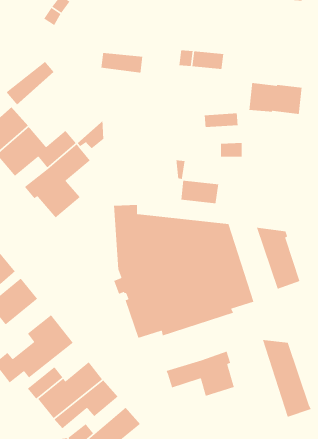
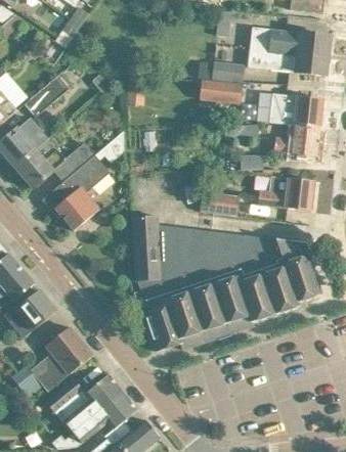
building: none -> [248,27,330,75]
building: [100,52,143,73] -> [199,81,242,102]
building: none -> [273,123,319,156]
building: none -> [258,176,313,211]
building: [262,339,312,418] -> [249,235,299,314]
building: [166,350,235,397] -> none

